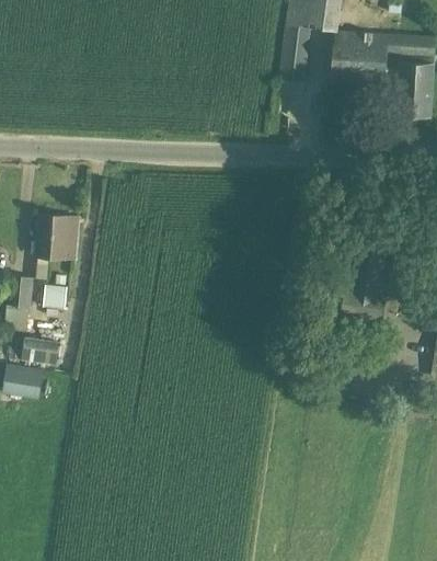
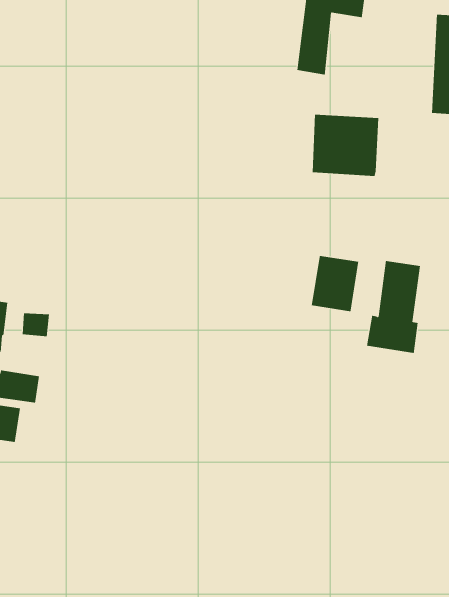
building: [329,32,387,85] -> [312,114,379,176]
building: [34,216,77,265] -> none
building: none -> [311,255,359,312]

